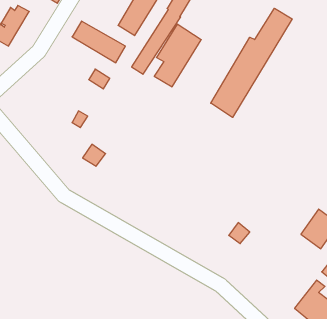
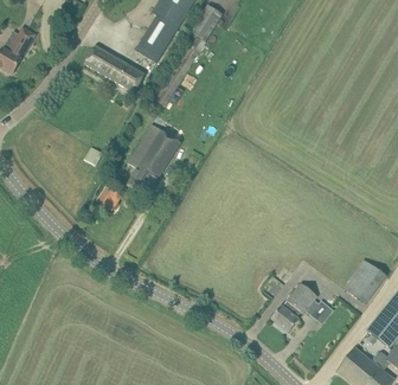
building: [211,8,292,117] -> none
building: [154,24,201,87] -> [127,124,180,195]
building: none -> [271,281,329,332]

